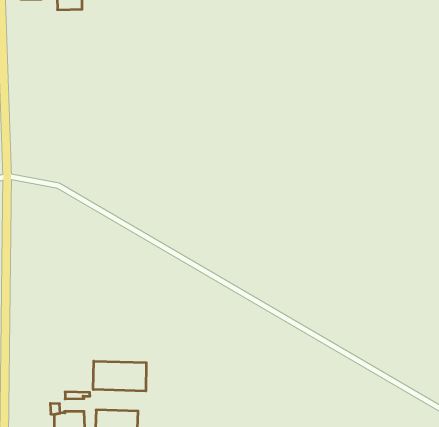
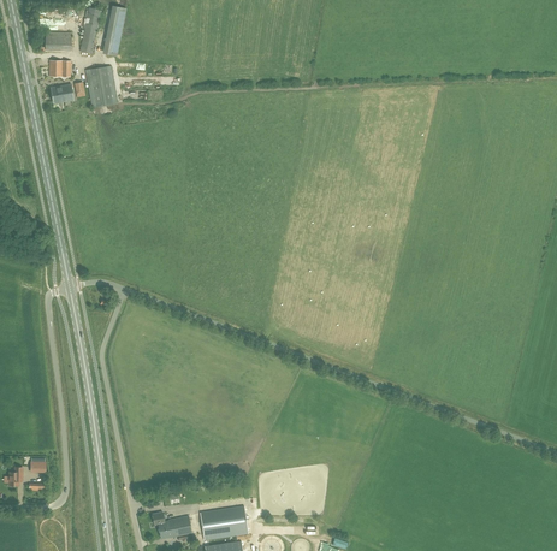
building: [93,361,146,391] -> none

